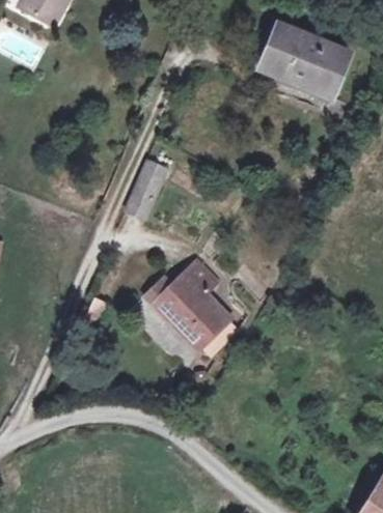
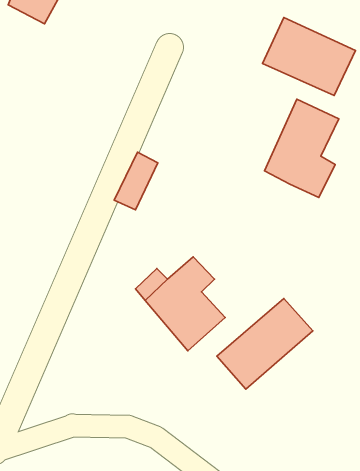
building: none -> [265,99,339,198]
building: none -> [217,299,313,389]

